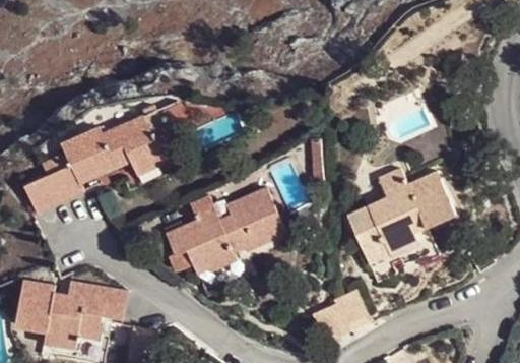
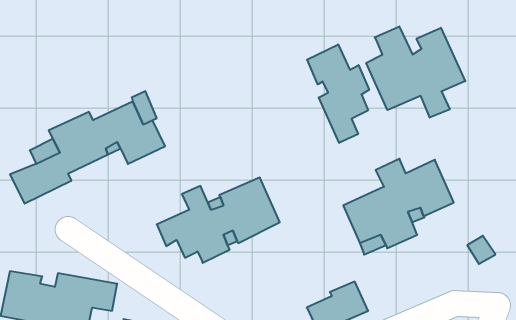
building: none -> [366,26,465,118]
building: none -> [307,44,369,143]

